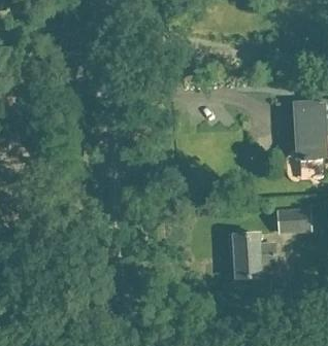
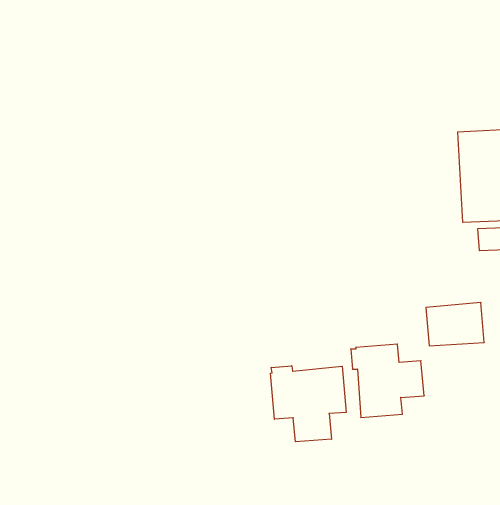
building: none -> [270,366,346,442]

